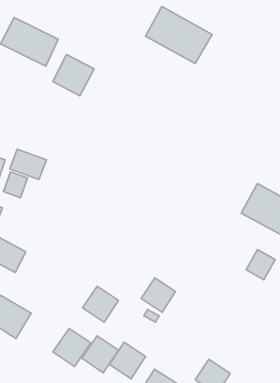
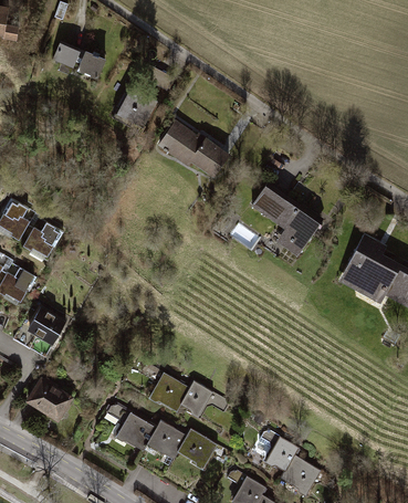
building: [145,7,212,63] -> [150,114,232,184]
building: none -> [253,181,325,254]
building: [10,149,46,179] -> none
building: [246,249,275,280] -> none
building: [141,278,176,312] -> [174,378,216,420]
building: none -> [251,427,295,471]

